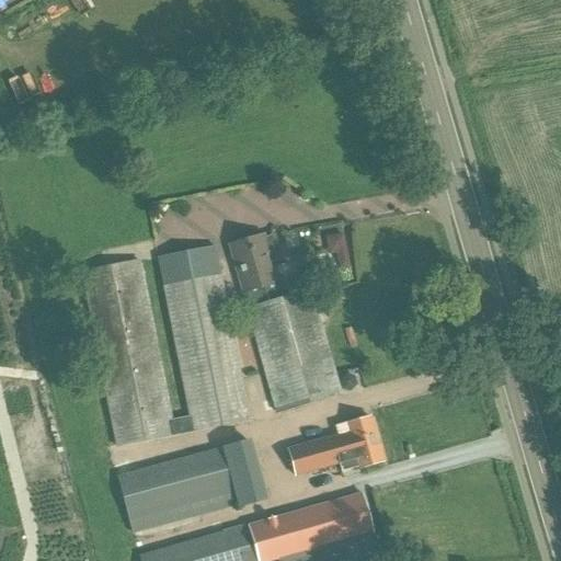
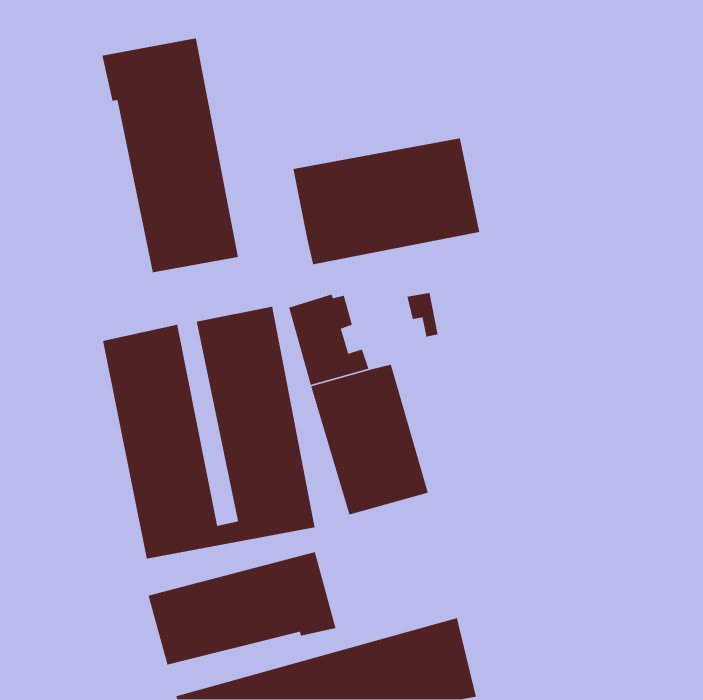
building: none -> [101,38,239,273]
building: none -> [292,138,480,265]
building: [288,415,385,474] -> none

